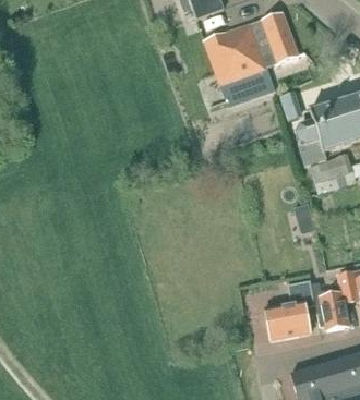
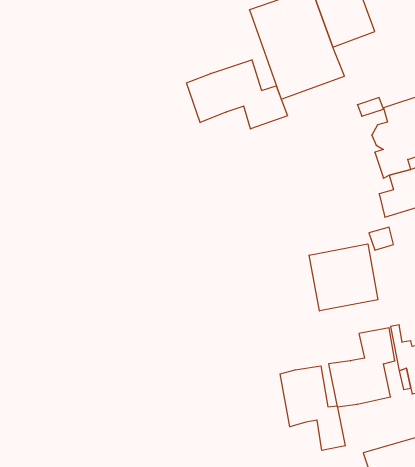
building: none -> [187,60,288,129]
building: none -> [309,244,378,311]
building: none -> [280,366,345,450]

